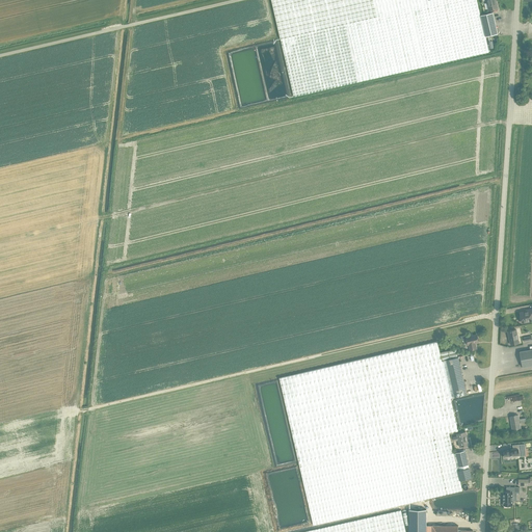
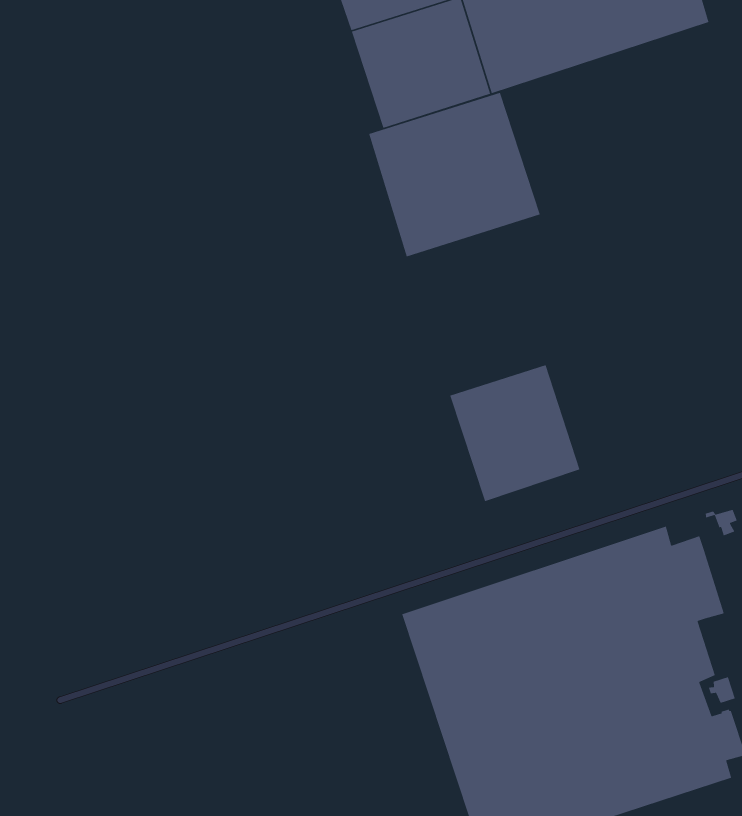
building: none -> [368,92,541,257]
building: none -> [449,364,581,502]

